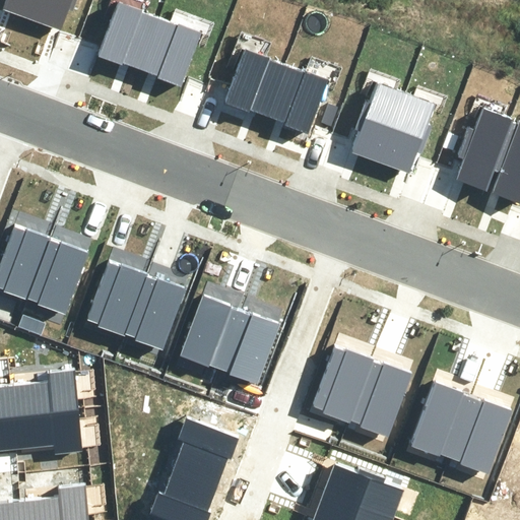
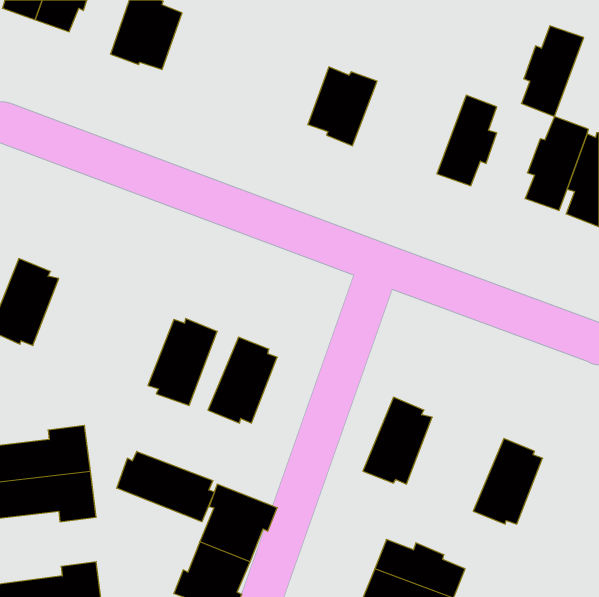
building: [140,14,199,81] -> none
building: [221,42,284,111] -> none
building: [349,75,403,153] -> [521,26,584,116]
building: [28,244,88,319] -> none
building: [90,262,150,336] -> none
building: [217,311,278,386] -> none
building: [351,364,411,439] -> none
building: none -> [117,451,214,522]
building: [447,399,508,473] -> none

